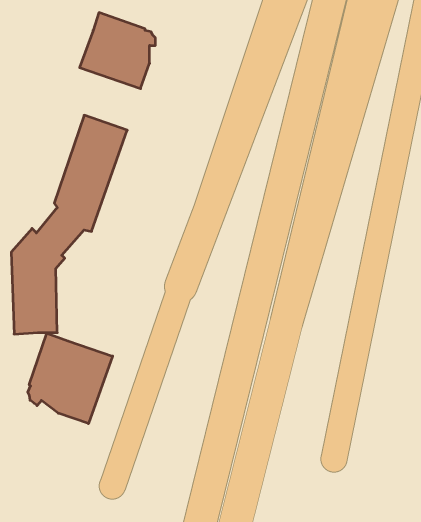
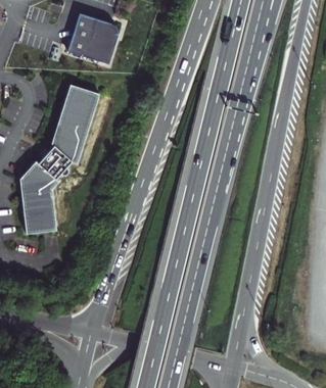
building: [28,333,113,424] -> none

